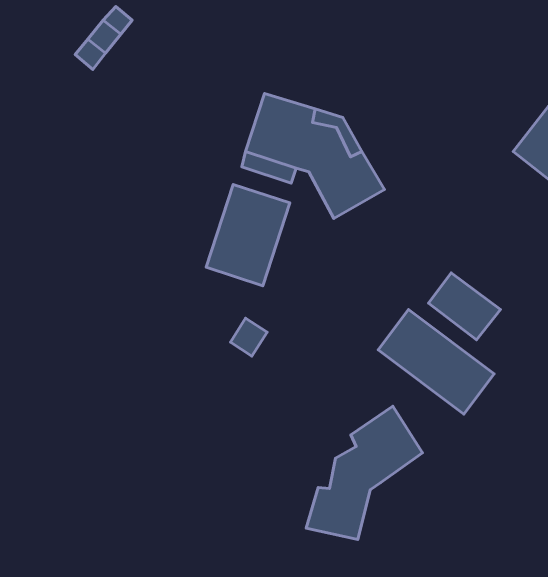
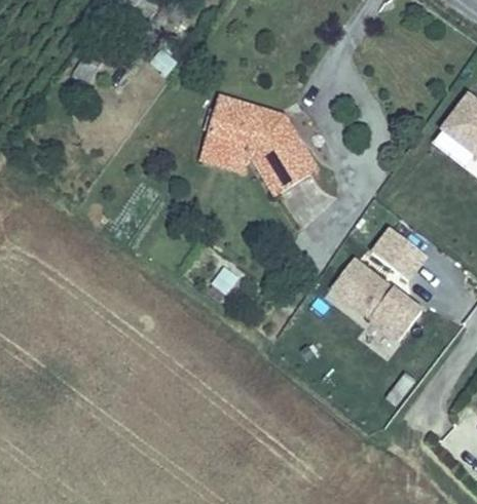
building: [206,184,290,286] -> none
building: [306,406,423,539] -> none

